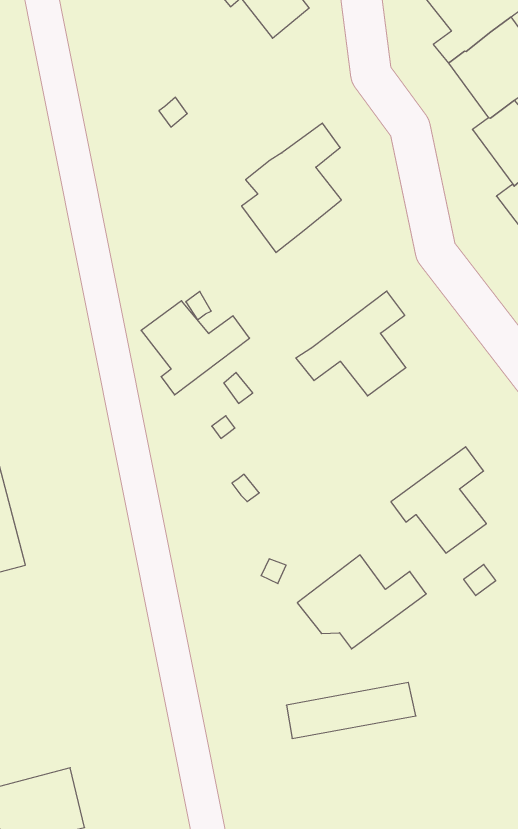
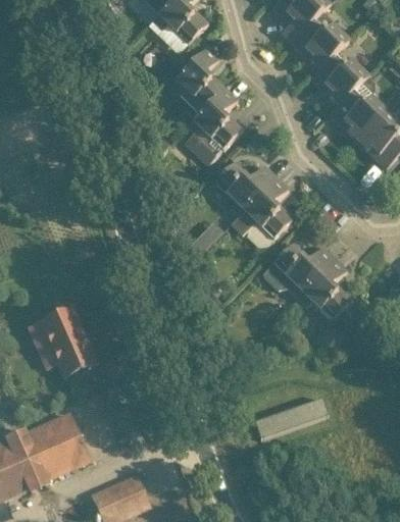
building: none -> [169,46,224,112]
building: [141,301,250,395] -> [213,161,276,215]
building: [297,555,426,649] -> [261,242,334,296]

